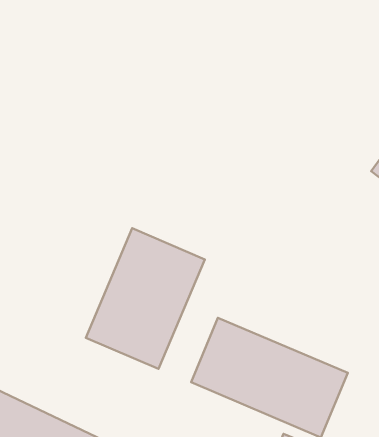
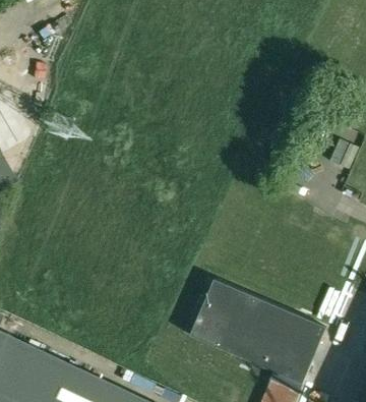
building: [86,228,205,369] -> none

